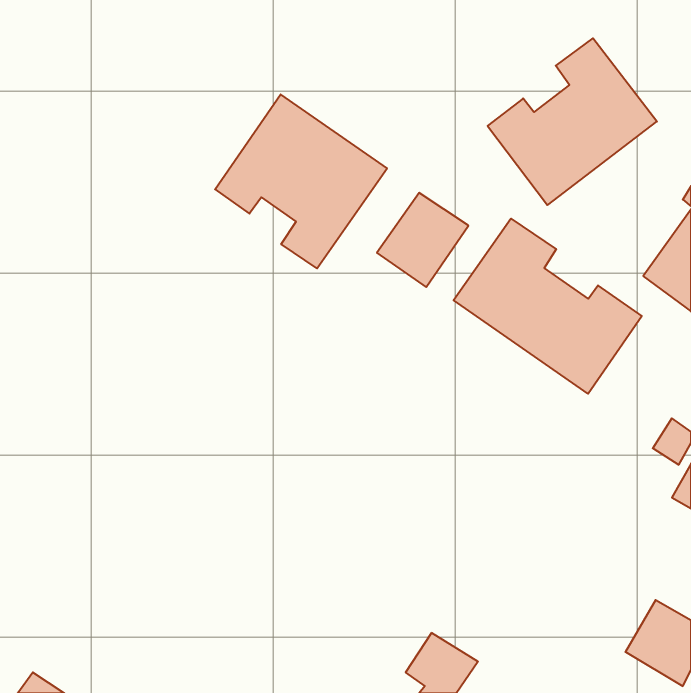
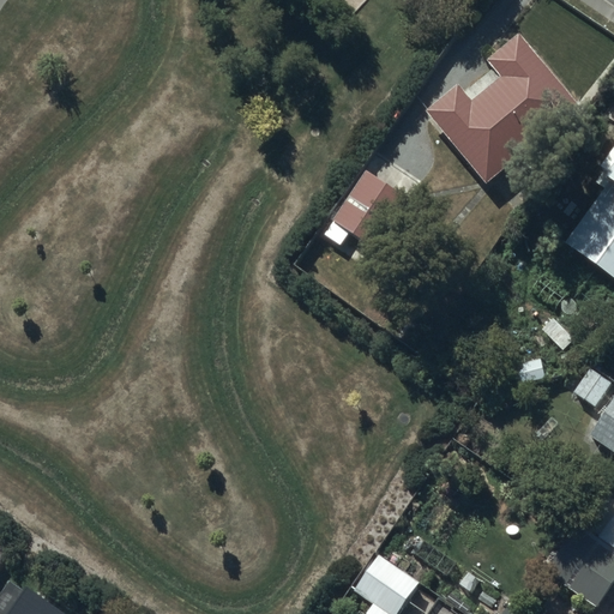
building: [215,94,387,268] -> none
building: [454,219,642,394] -> none

